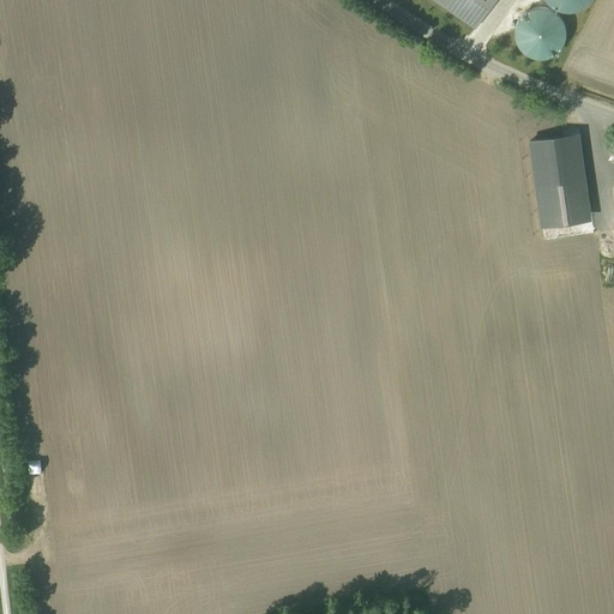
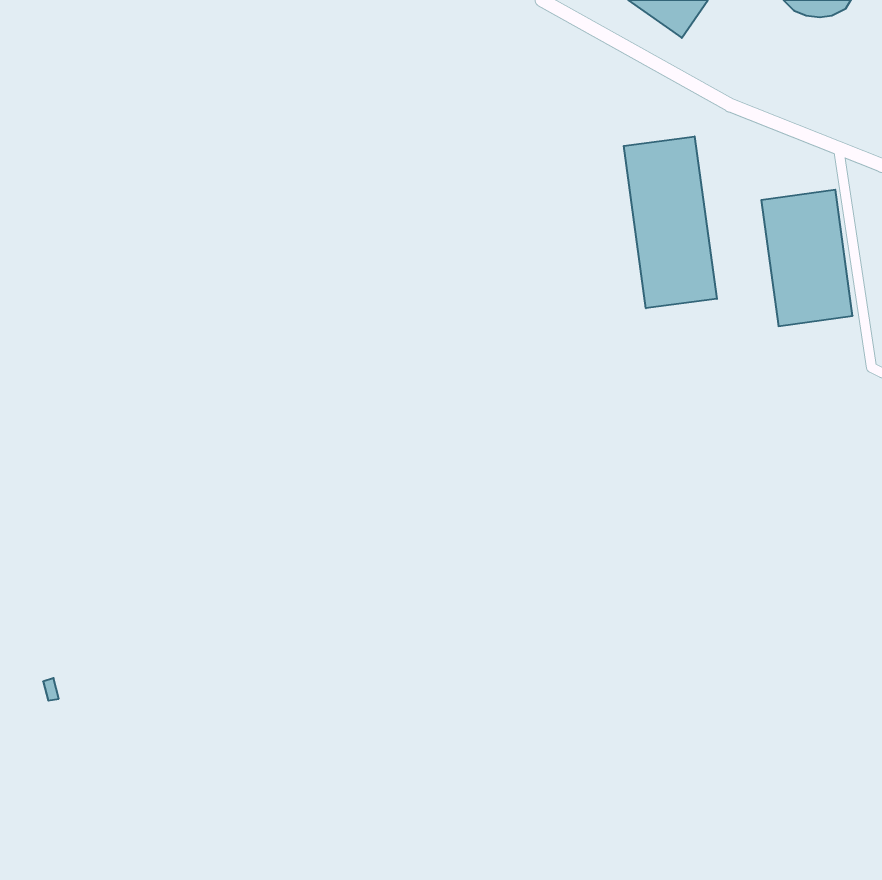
building: [516,8,565,58] -> none
building: none -> [624,136,717,308]

